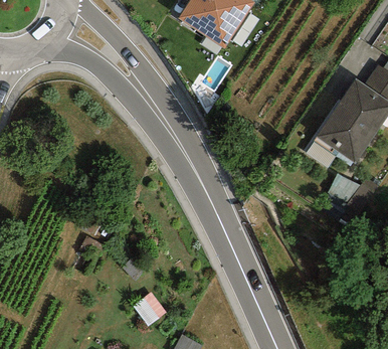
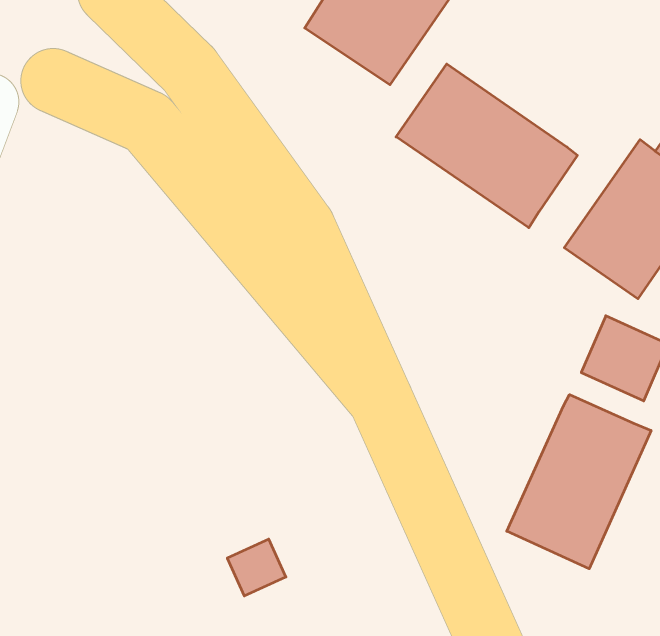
building: none -> [396,64,577,228]
building: none -> [507,395,651,569]

